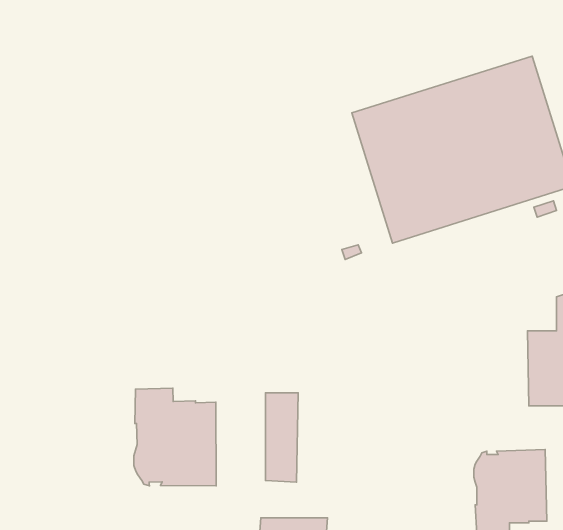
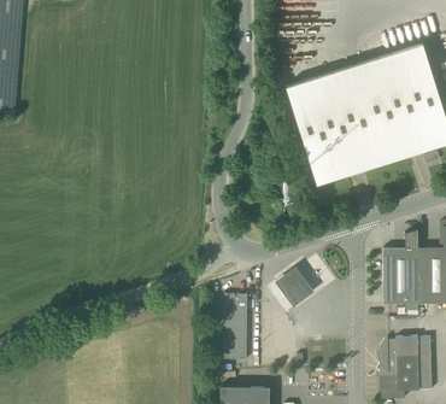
building: none -> [383,230,419,304]
building: none -> [275,271,313,312]
building: [134,388,216,486] -> none

